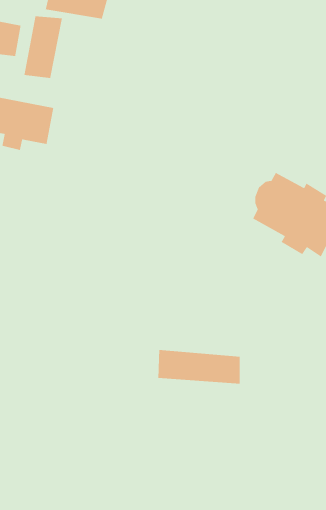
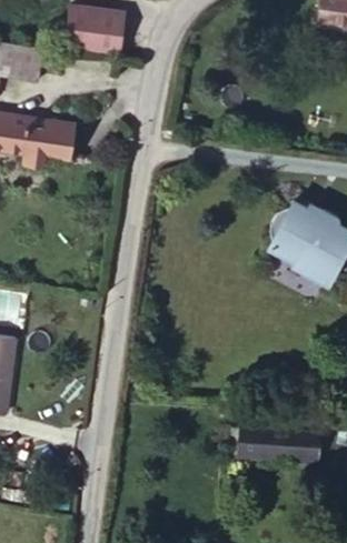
building: [23,15,63,79] -> none
building: [157,349,241,384] -> [239,430,318,463]

